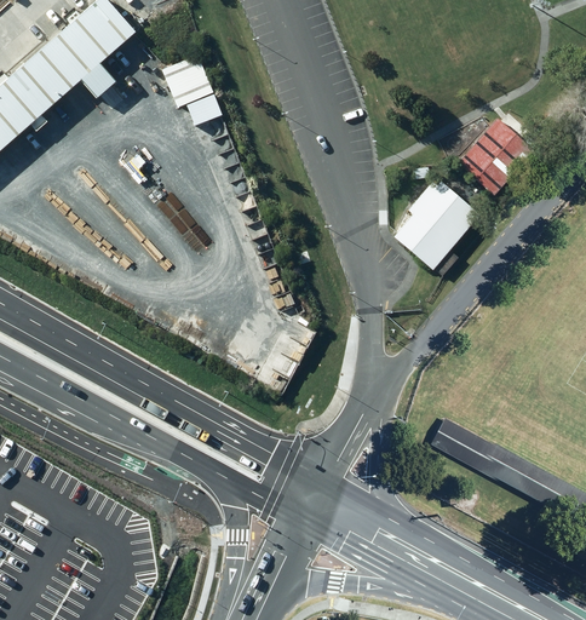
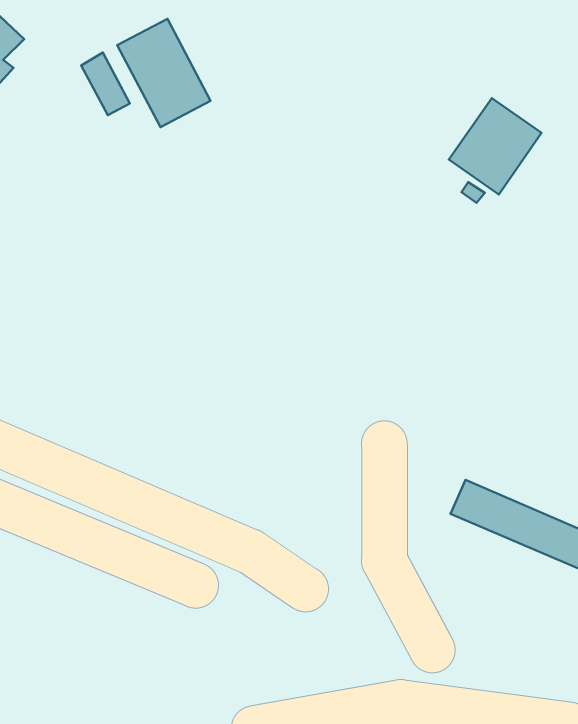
building: none -> [117,19,211,127]
building: [391,180,478,270] -> none

